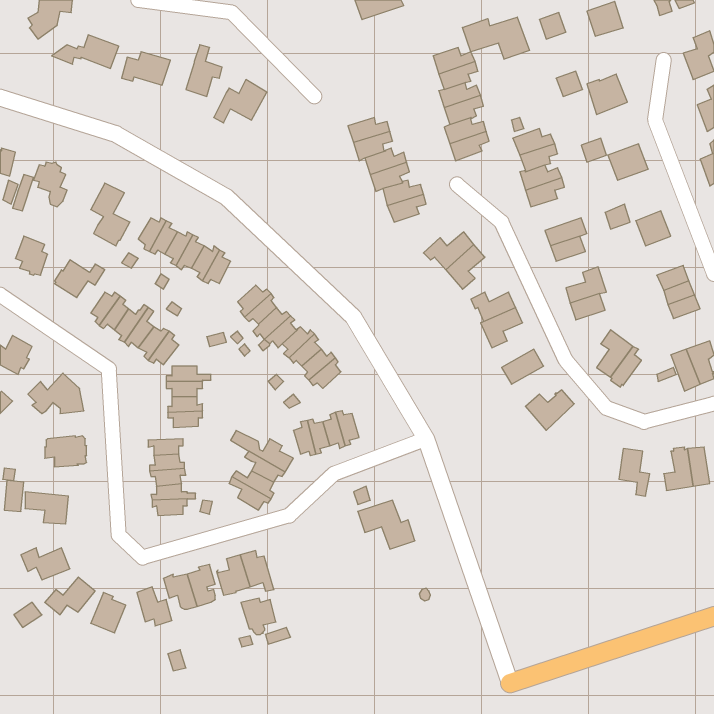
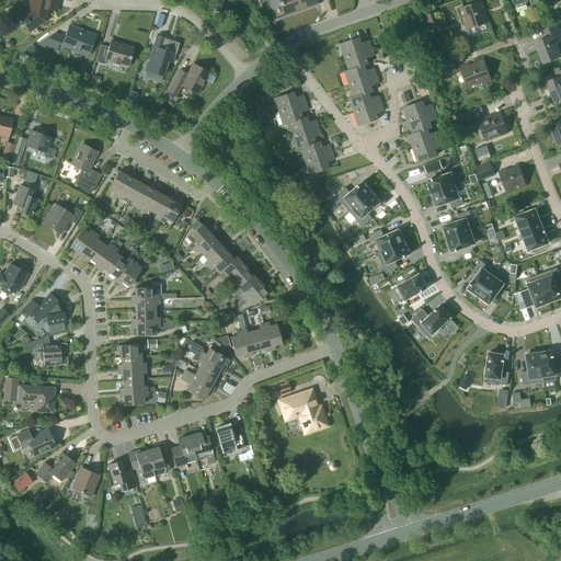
building: [462,17,529,59] -> none
building: [241,598,276,635] -> [215,424,242,453]

